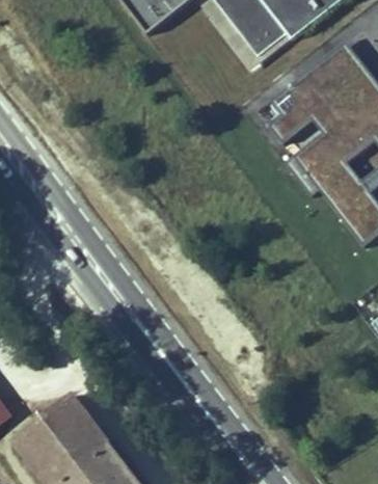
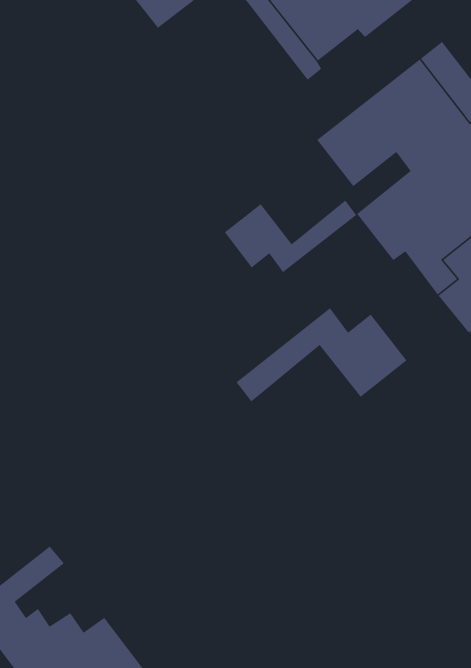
building: none -> [224,200,357,273]
building: none -> [236,307,408,402]
building: [48,406,110,454] -> none

